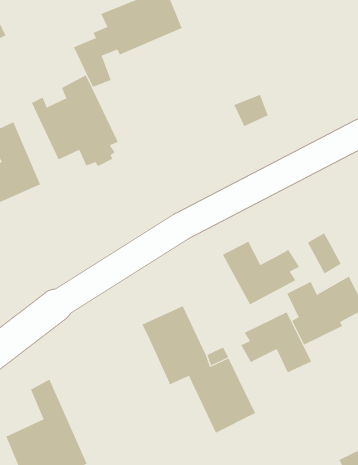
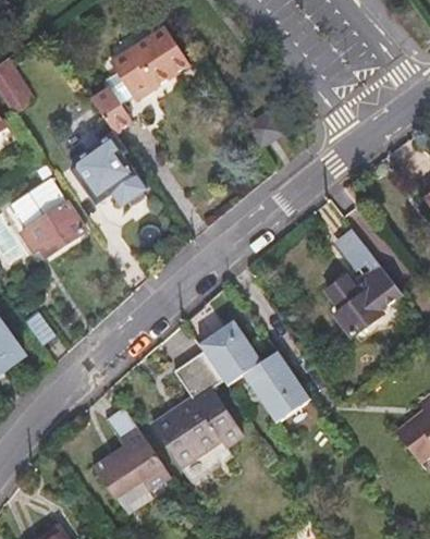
building: [222,241,300,305] -> none
building: [240,312,312,373] -> none
building: none -> [155,351,246,466]

